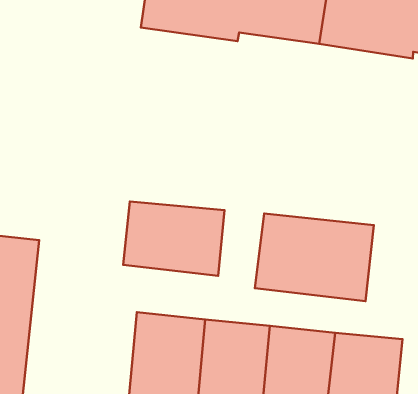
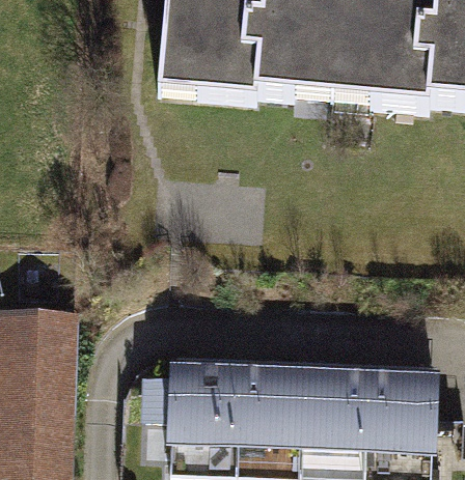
building: [123,202,224,276] -> none
building: [255,214,374,301] -> none

